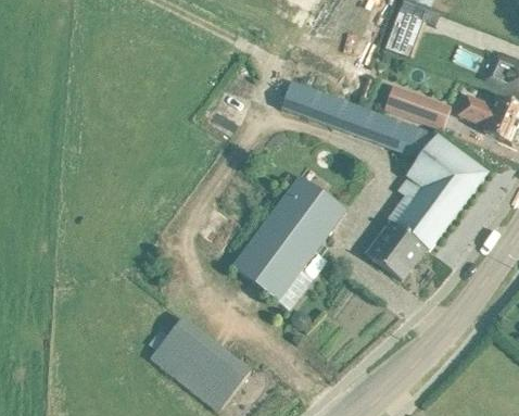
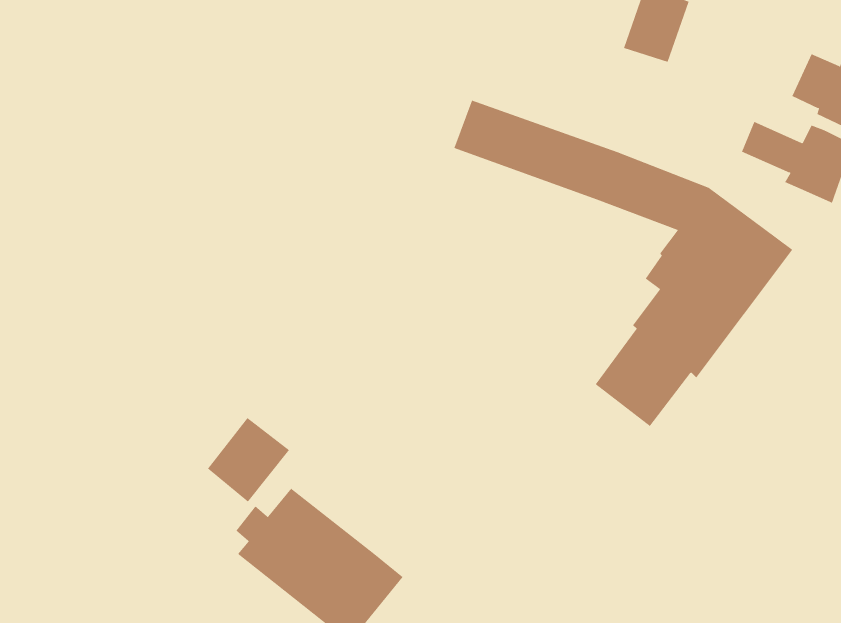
building: [385,85,452,127] -> none
building: [231,177,346,301] -> none
building: none -> [207,417,290,502]

